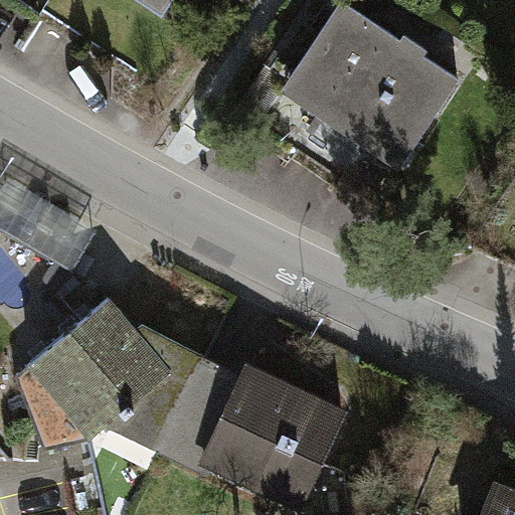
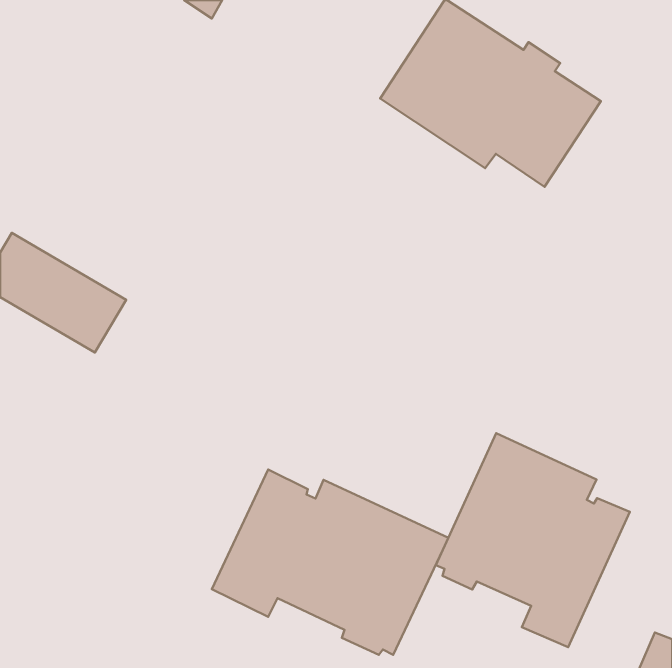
building: [15,300,205,454] -> none
building: none -> [436,433,630,647]

